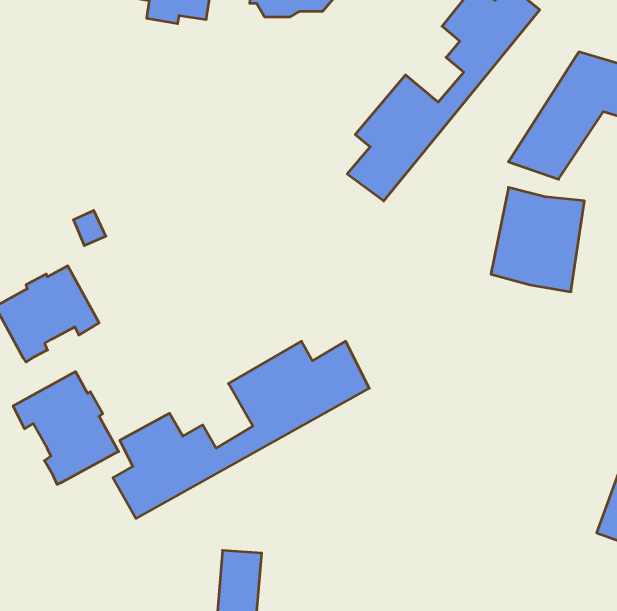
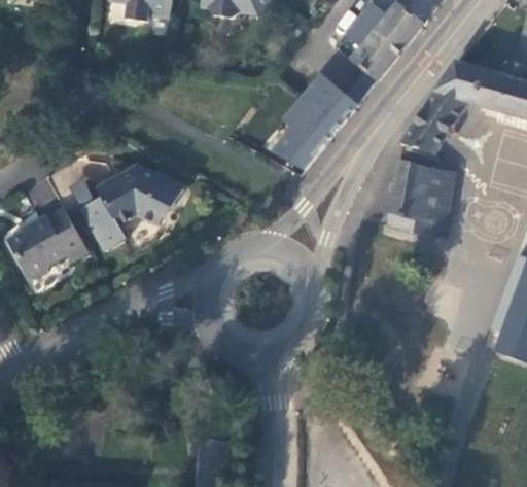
building: none -> [80,167,184,254]
building: [113,341,369,518] -> none
building: [13,372,119,484] -> none

